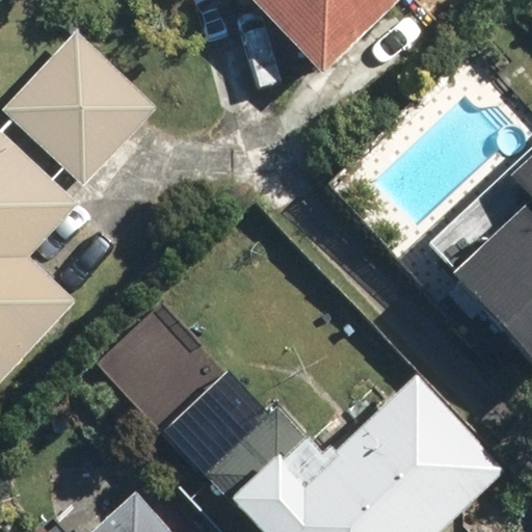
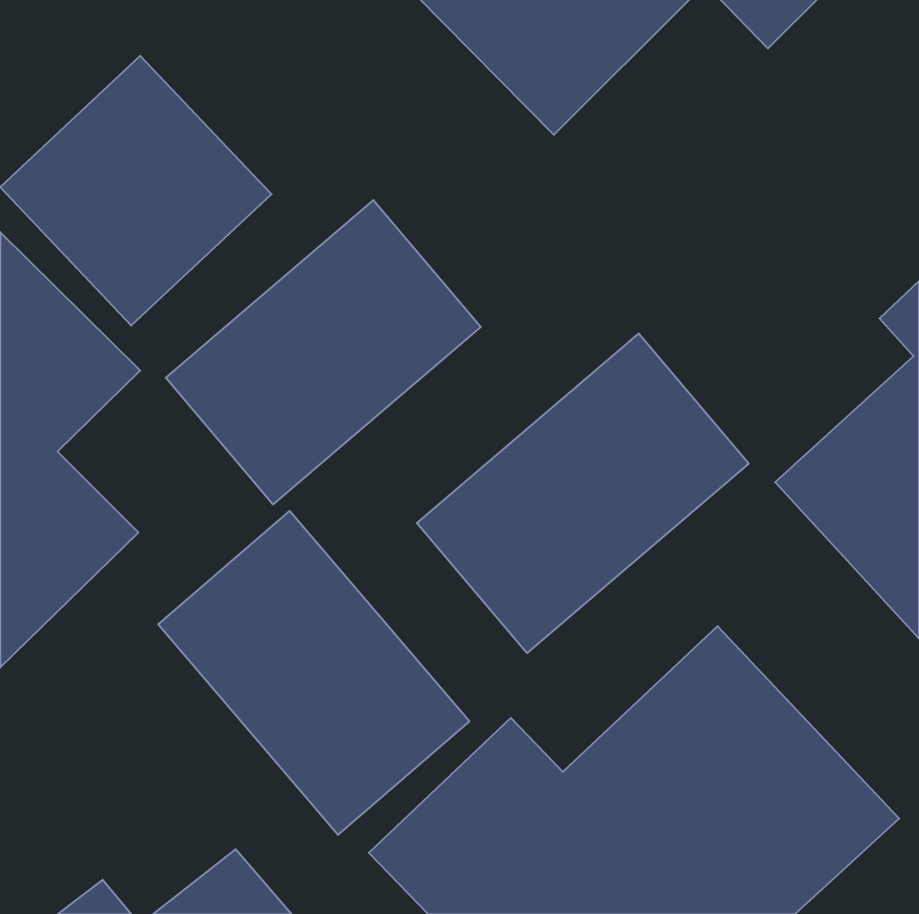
building: none -> [166,200,481,504]
building: none -> [417,333,749,653]

